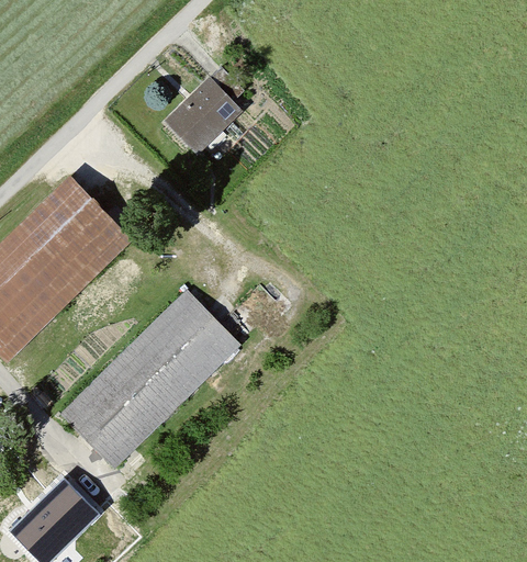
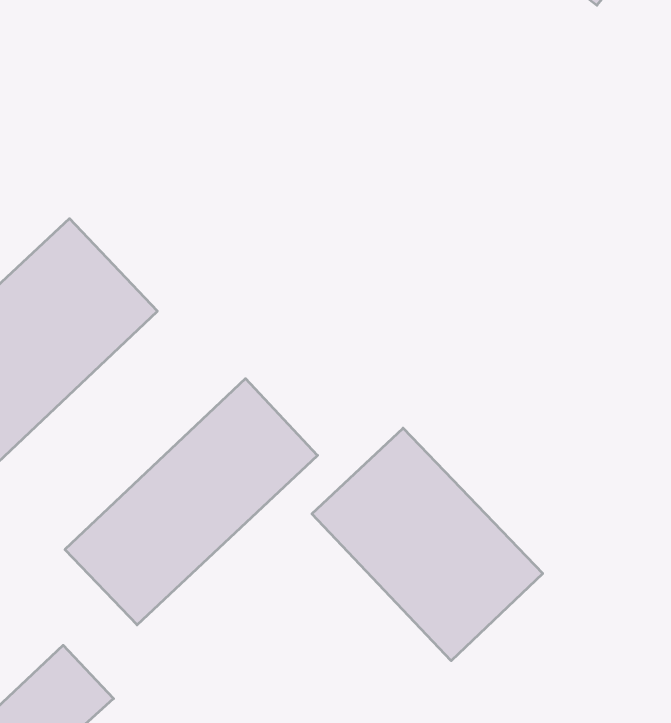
building: [165,78,245,156] -> none
building: none -> [312,428,543,661]

